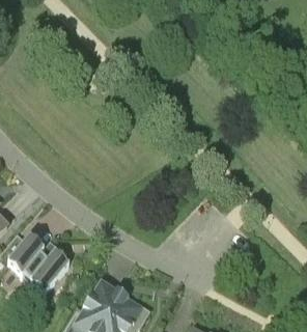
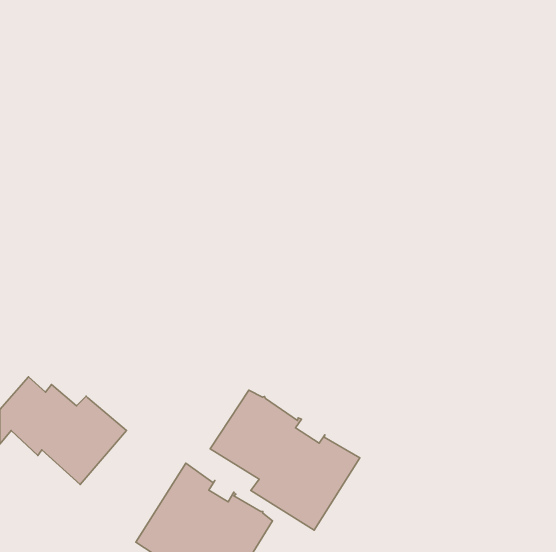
building: none -> [210,390,360,530]

